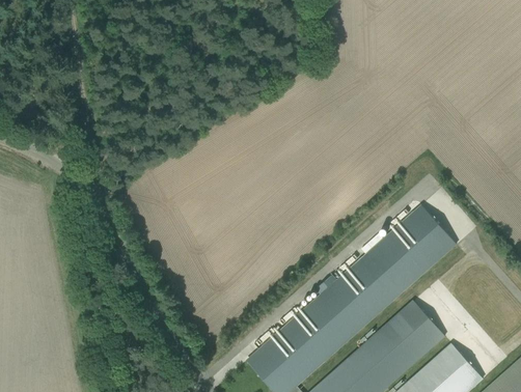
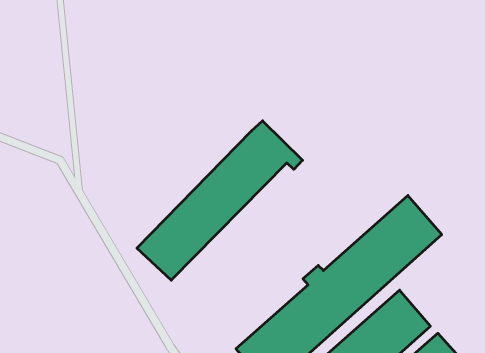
building: none -> [137,121,303,280]

